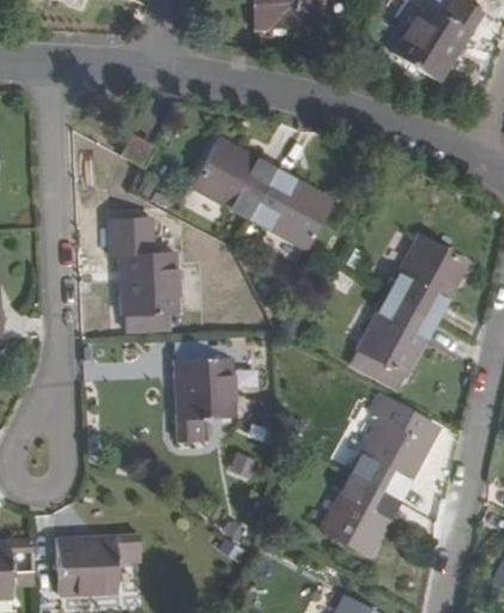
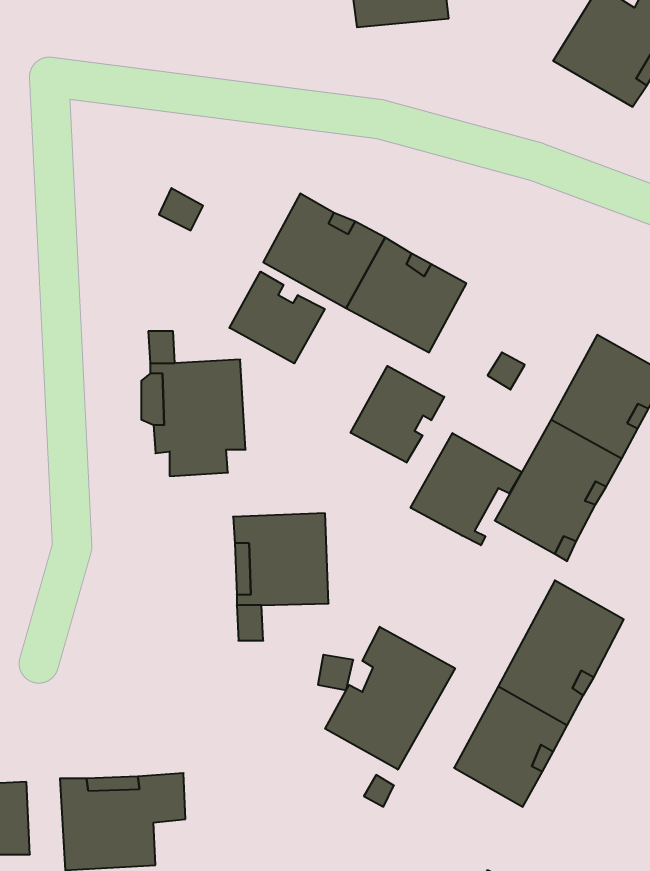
building: none -> [229,272,325,363]
building: none -> [351,366,444,463]
building: none -> [411,433,522,545]
building: none -> [325,627,455,770]

